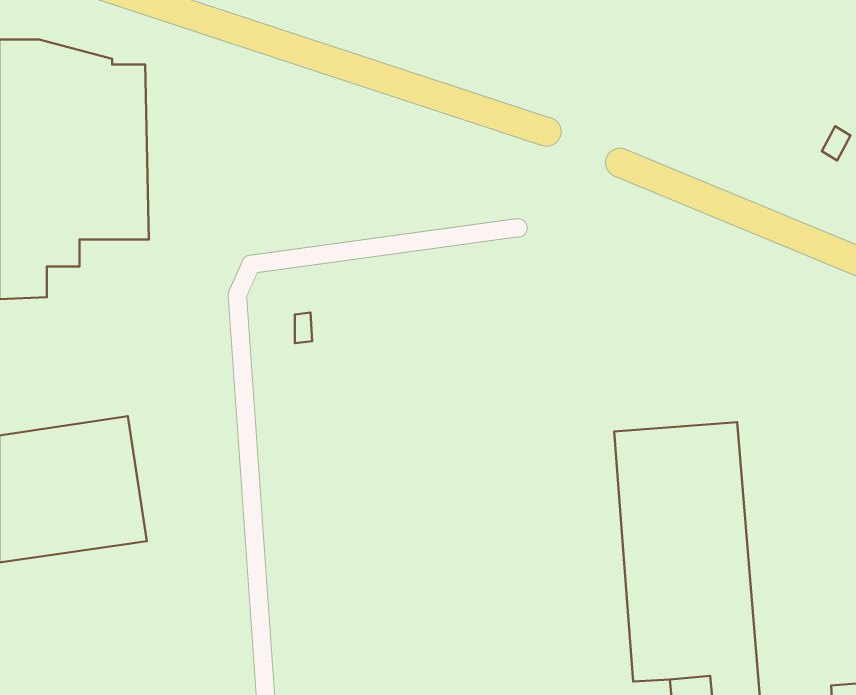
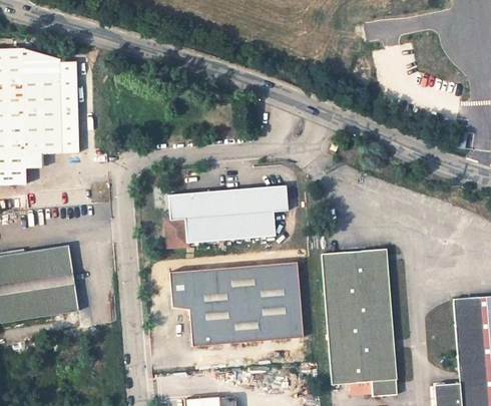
building: none -> [165,185,288,249]
building: none -> [170,263,303,346]

